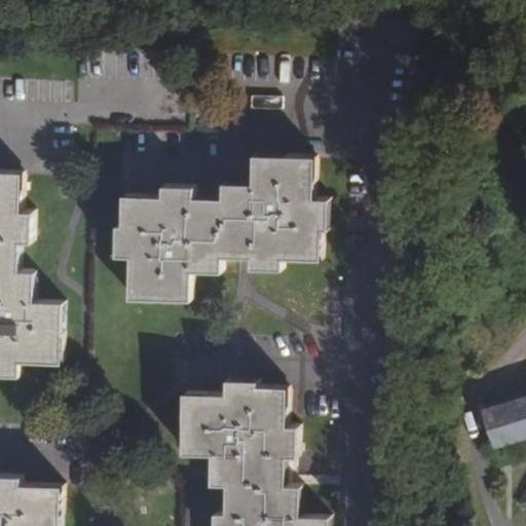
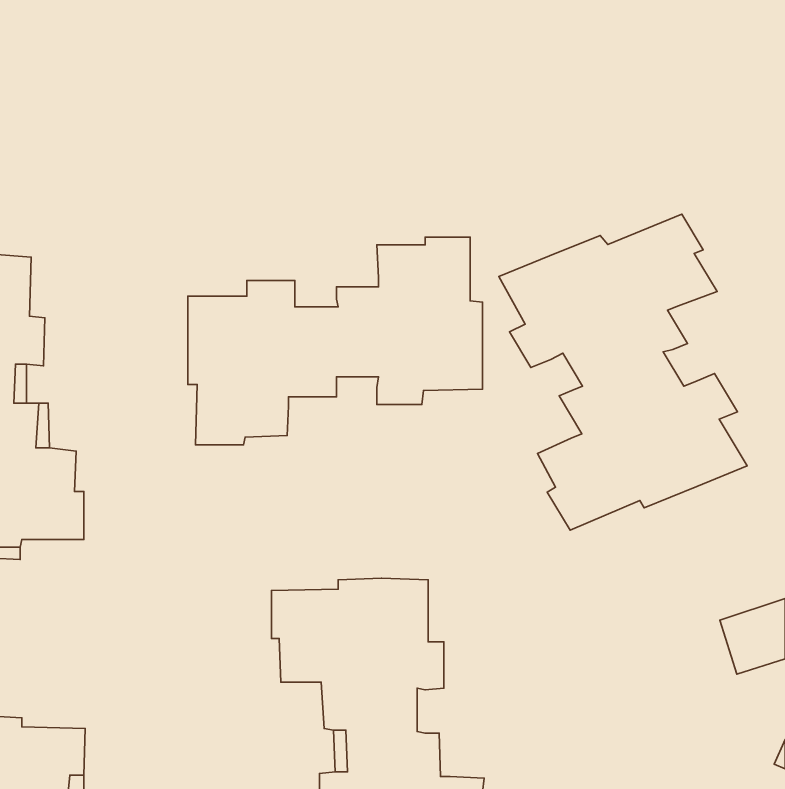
building: none -> [499,214,747,530]

